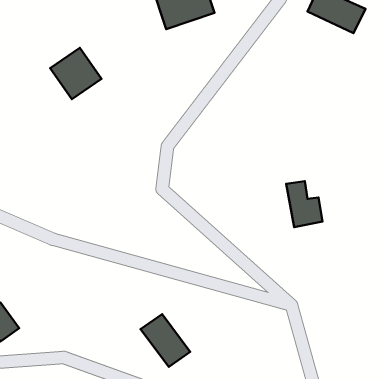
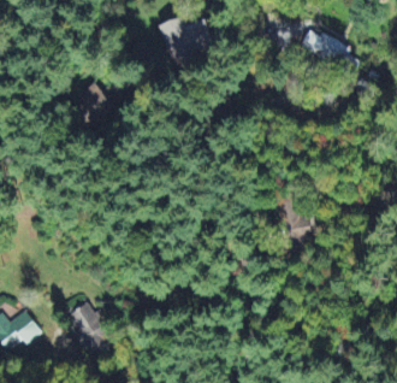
building: [140,314,190,367] -> [67,301,112,348]

